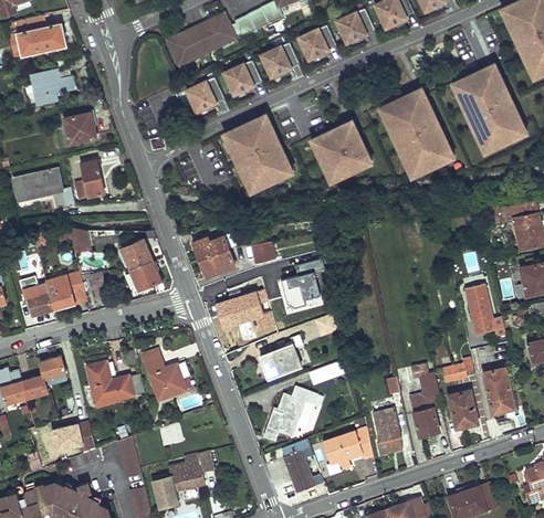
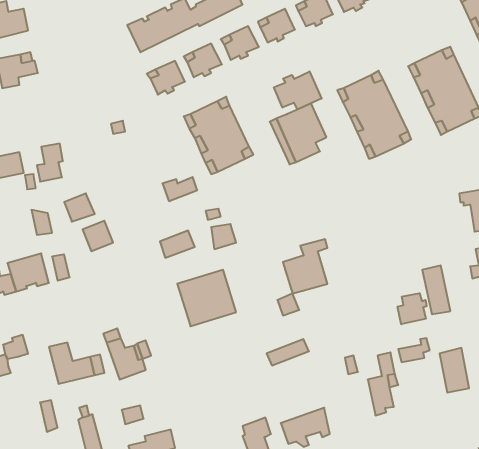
building: none -> [274,71,322,109]
building: [63,113,93,144] -> none
building: [192,235,228,260] -> [162,177,197,201]
building: [278,260,323,315] -> [283,239,327,294]
building: [129,261,160,289] -> [64,193,95,222]
building: none -> [398,293,427,324]
building: [261,345,303,380] -> none
building: [264,388,322,441] -> none
building: [448,391,477,429] -> none
building: [373,409,401,454] -> none
building: [51,423,82,450] -> none

